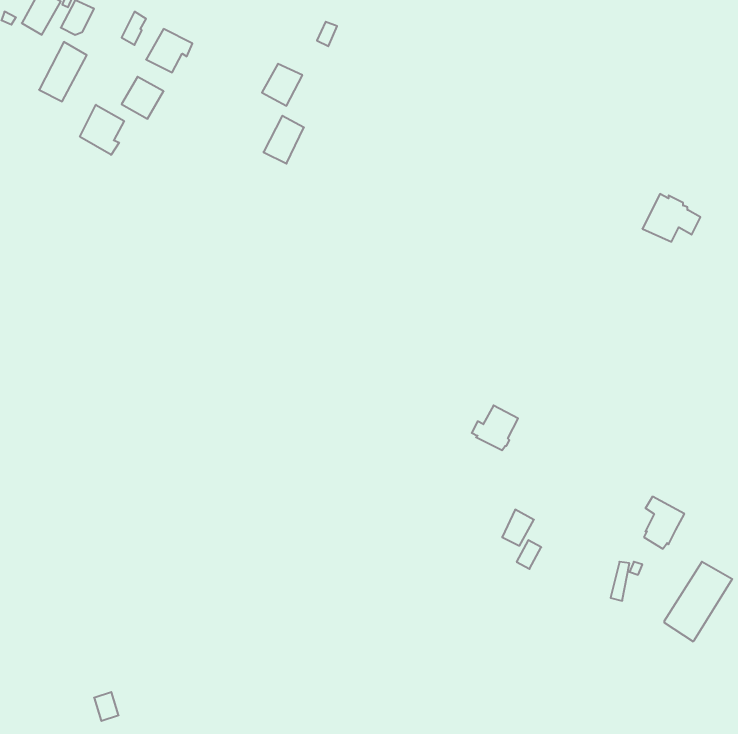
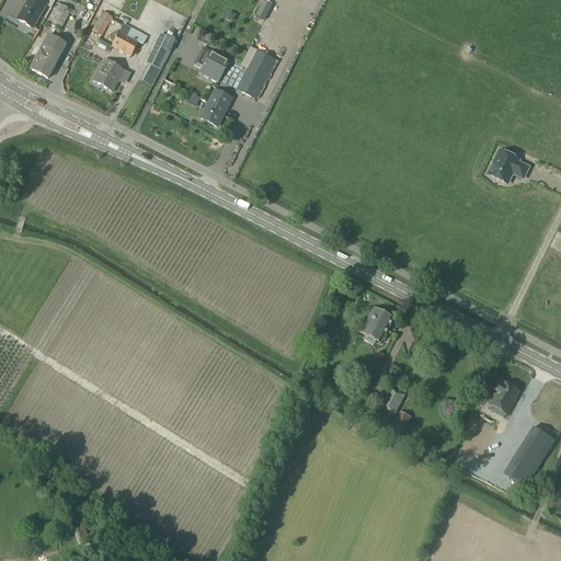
building: none -> [147,32,176,68]
building: none -> [237,48,276,96]
building: [80,105,124,155] -> none

